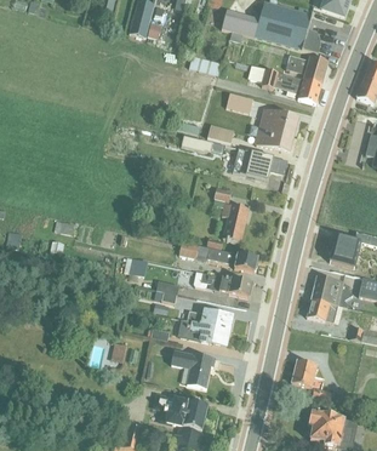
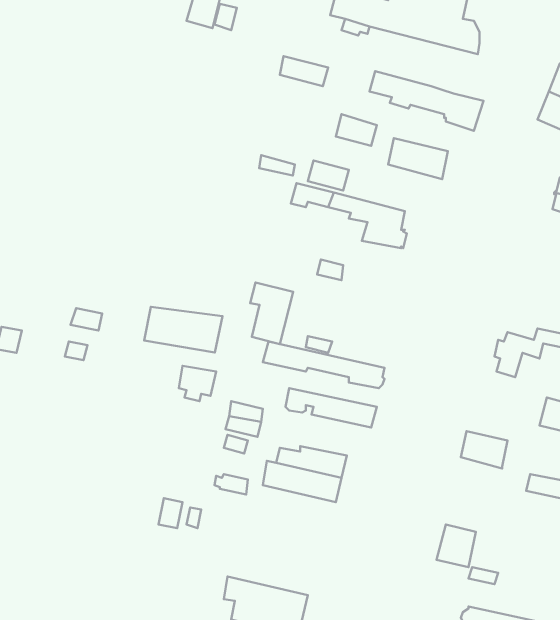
building: [286,55,327,84] -> none
building: [253,125,295,153] -> none
building: [221,201,249,241] -> [250,283,293,344]
building: none -> [144,307,222,352]
building: [310,275,352,306] -> none
building: [171,349,221,388] -> none

